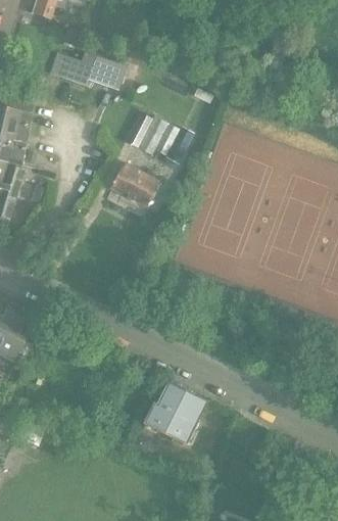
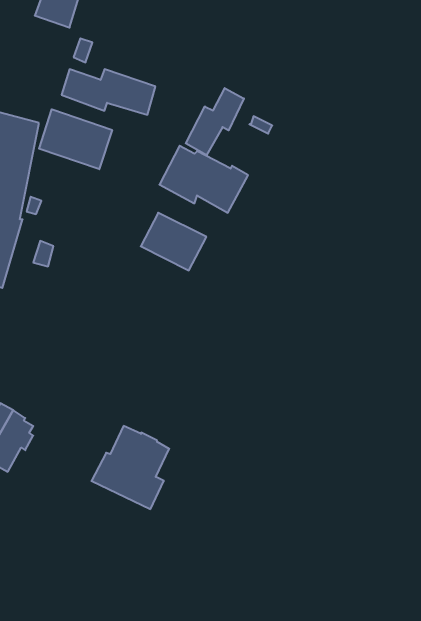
building: none -> [186,88,244,155]
building: none -> [39,109,112,169]
building: [142,381,201,444] -> [91,426,169,509]

